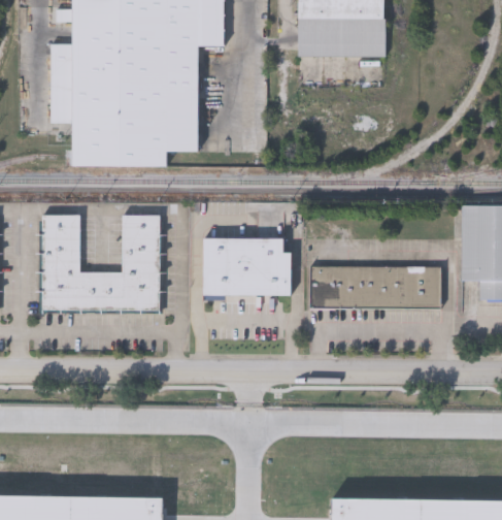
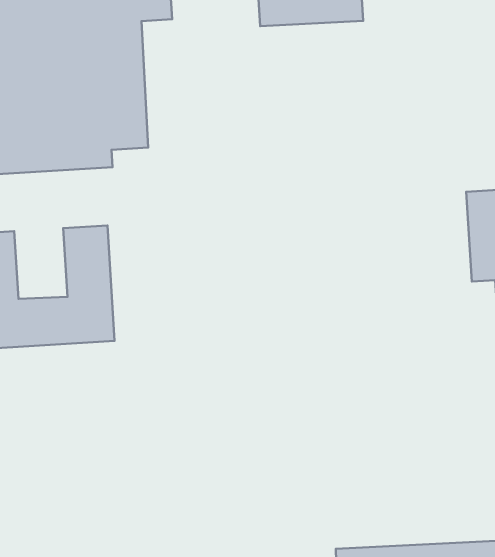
building: [202,237,290,295] -> none
building: [309,265,440,307] -> none

